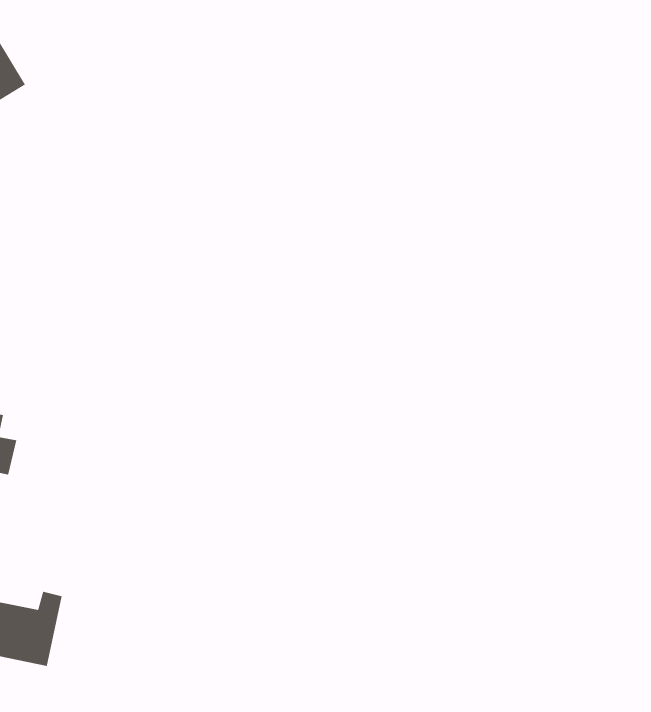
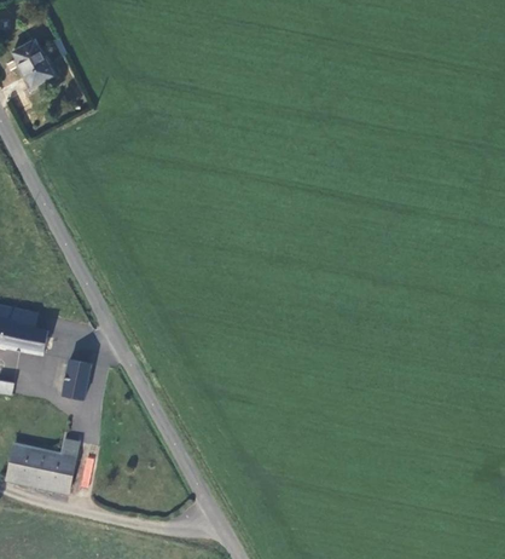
building: none -> [62,359,91,400]

